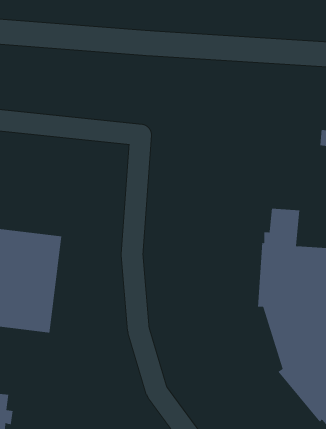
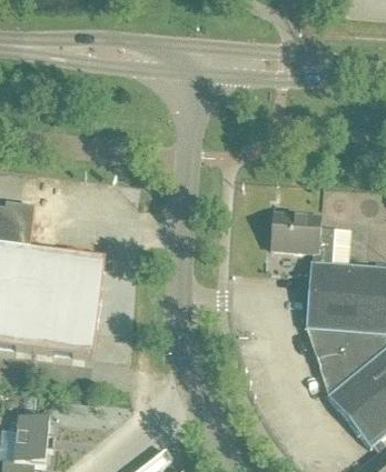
building: none -> [268,211,319,250]

